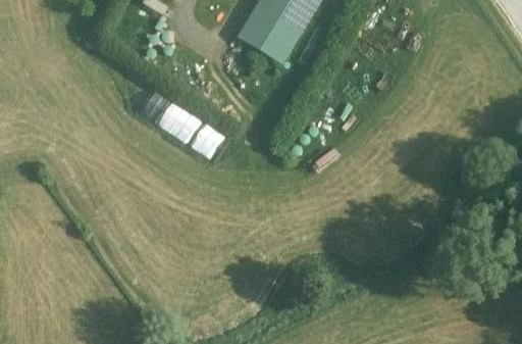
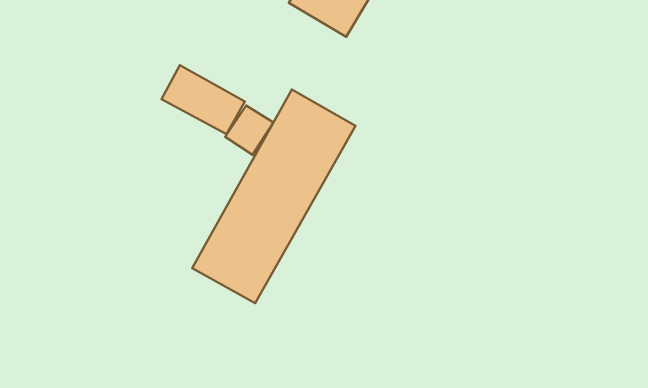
building: none -> [192,89,355,303]

